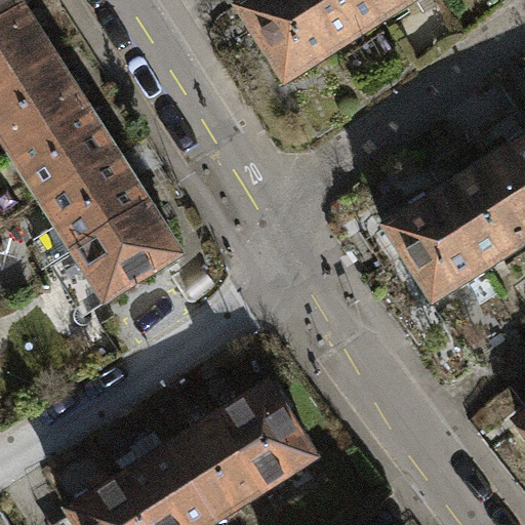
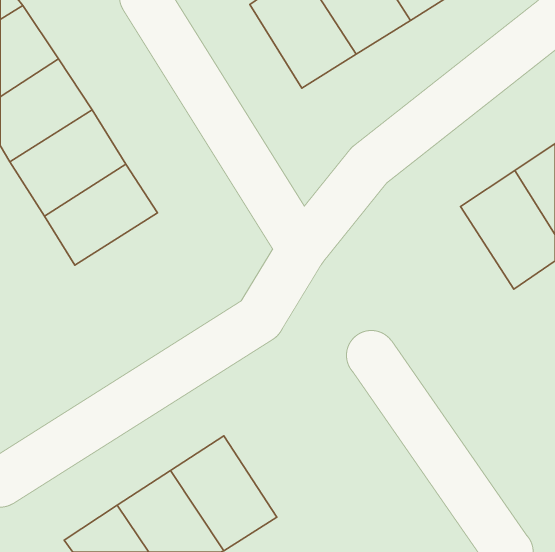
building: [382,195,485,306] -> none
building: [71,201,184,301] -> none
building: [211,378,312,488] -> none

